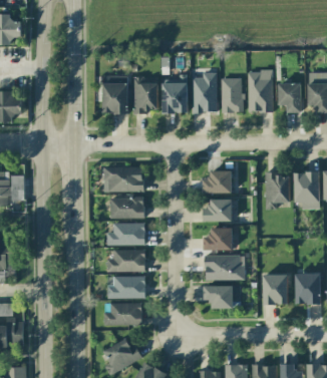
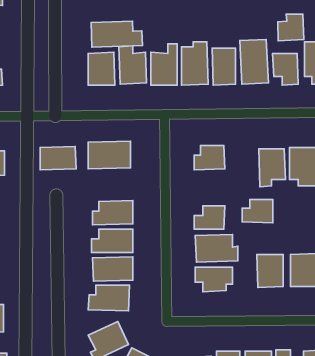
building: none -> [278,14,304,41]
building: none -> [91,21,142,47]
building: [109,197,143,219] -> [40,147,76,170]
building: [203,200,232,222] -> [242,200,273,223]

